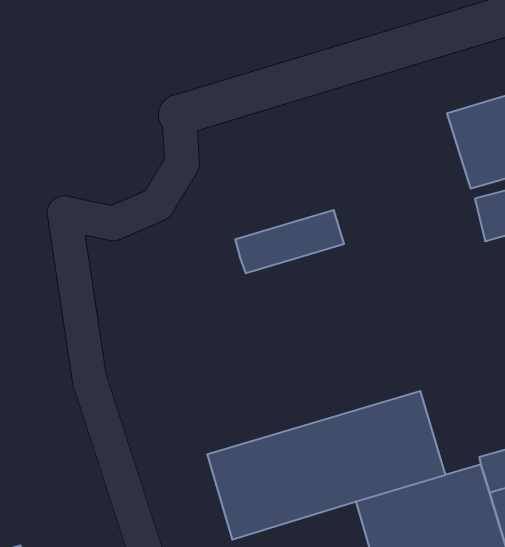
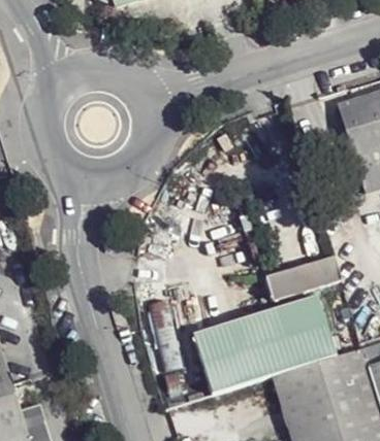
building: [235,210,344,273] -> [265,258,342,302]

